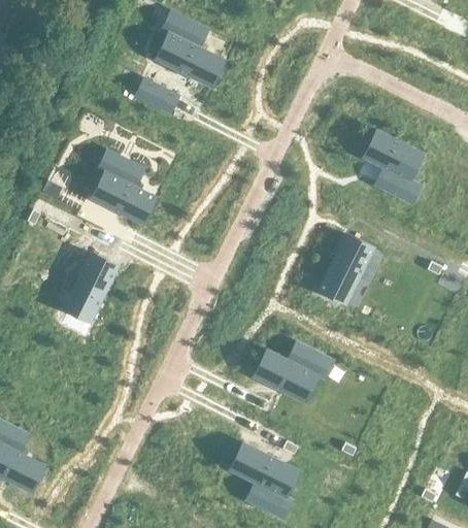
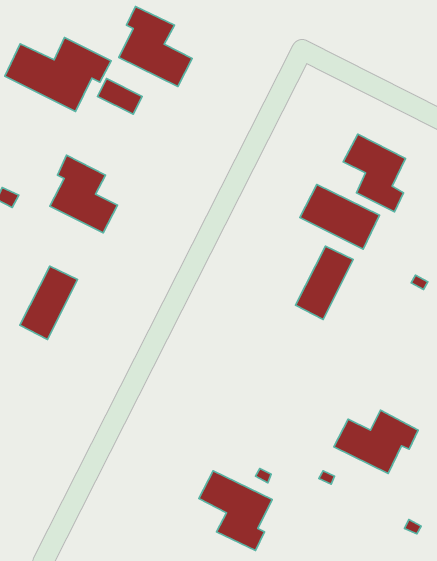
building: none -> [5,38,111,112]
building: none -> [300,185,380,249]
building: [254,341,332,400] -> [334,410,418,474]

